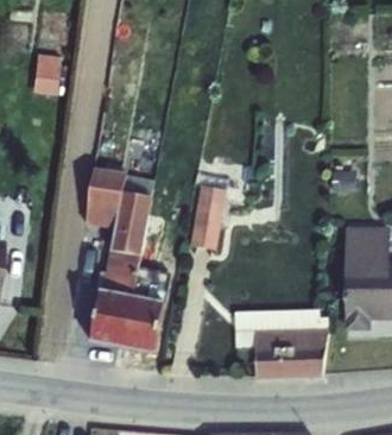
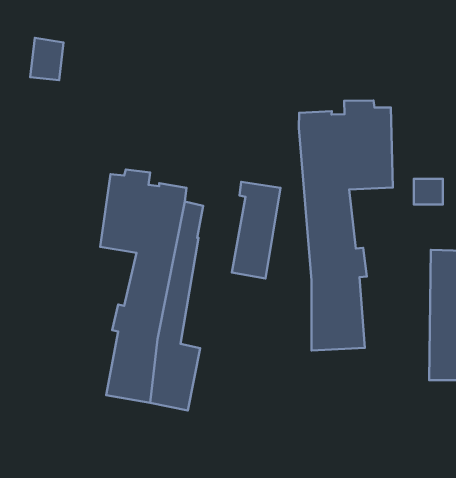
building: none -> [299,101,393,350]
building: [234,309,329,378] -> none

